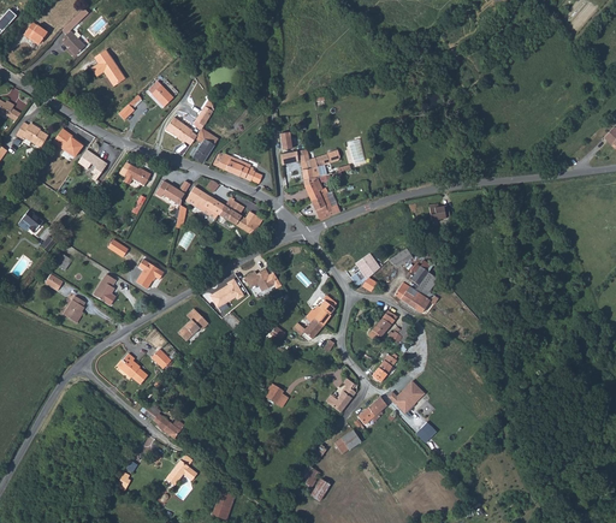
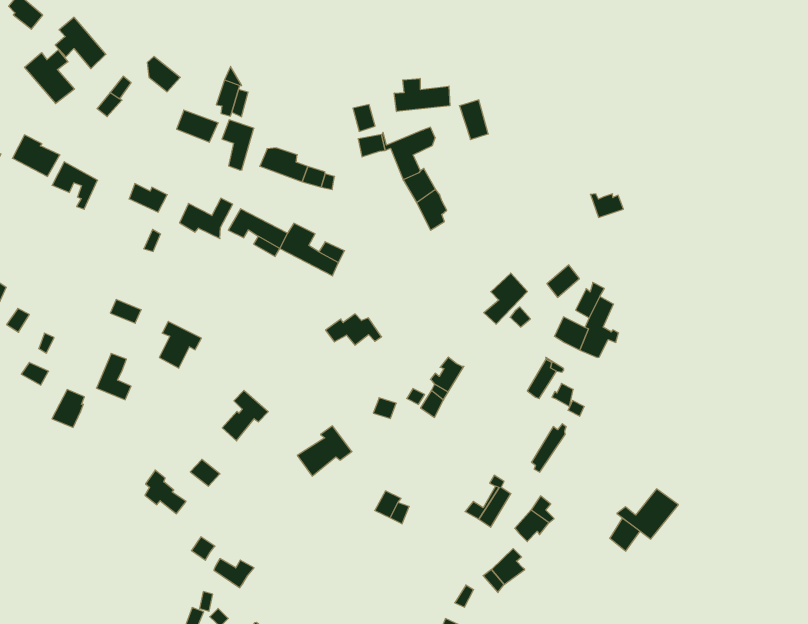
building: none -> [25,50,74,104]
building: none -> [394,78,450,112]
building: [211,274,247,305] -> [297,426,352,476]
building: [386,378,427,410] -> [617,489,678,539]

